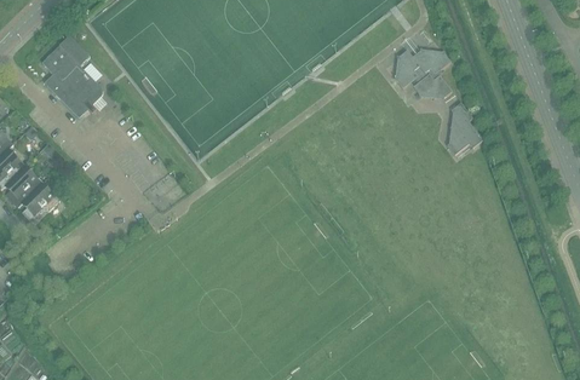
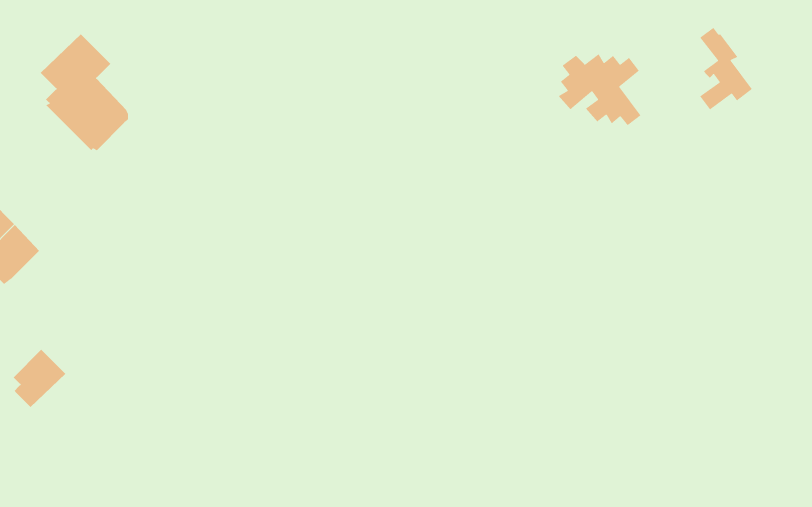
building: [444,96,481,152] -> [699,27,753,111]
building: [21,182,57,221] -> [13,349,66,408]

